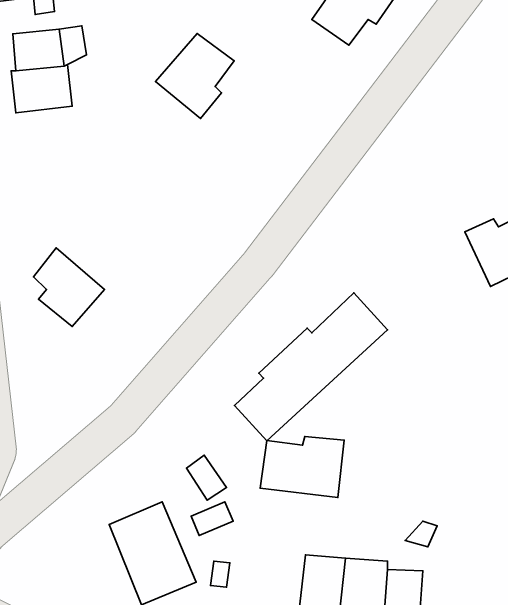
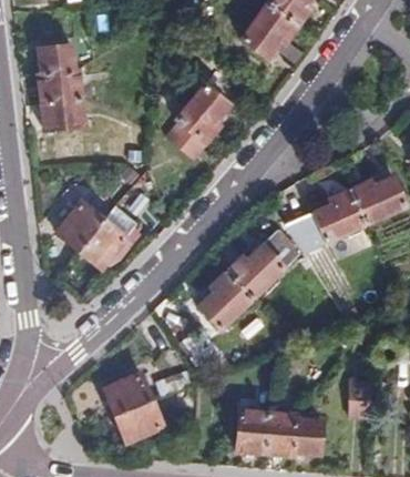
building: [155,33,234,119] -> [175,87,229,145]
building: none -> [41,100,83,132]
building: none -> [285,186,368,255]
building: none -> [80,213,141,275]
building: [260,437,344,498] -> none

